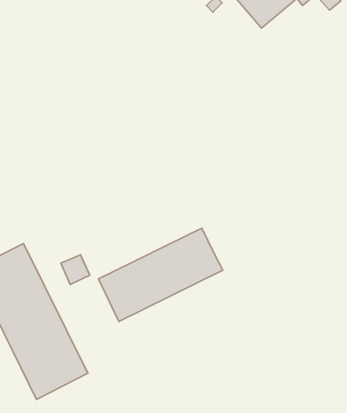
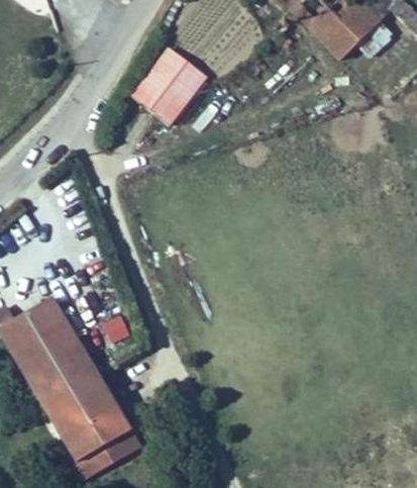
building: none -> [127,51,201,127]
building: [98,228,223,321] -> none

